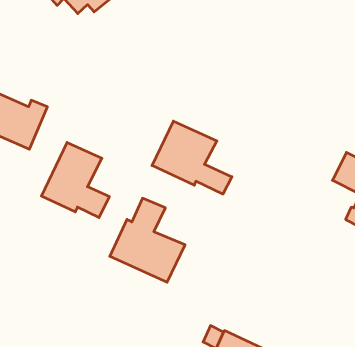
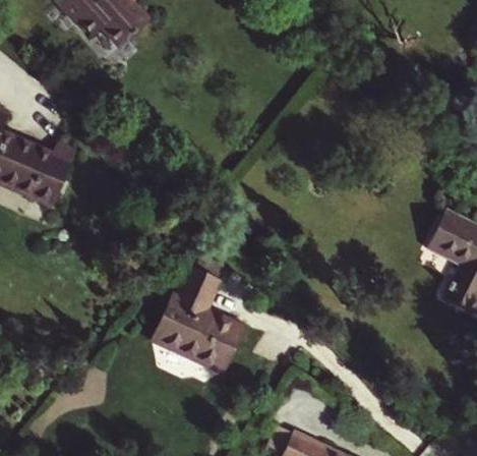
building: [152,121,232,194] -> none
building: [41,142,109,218] -> none

